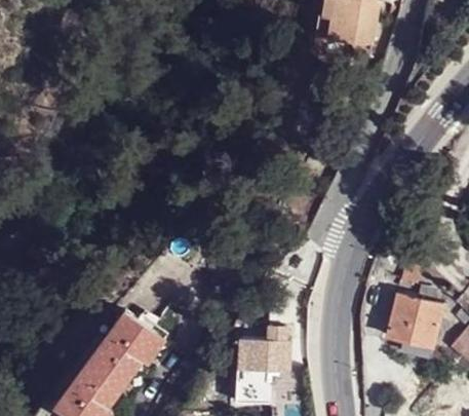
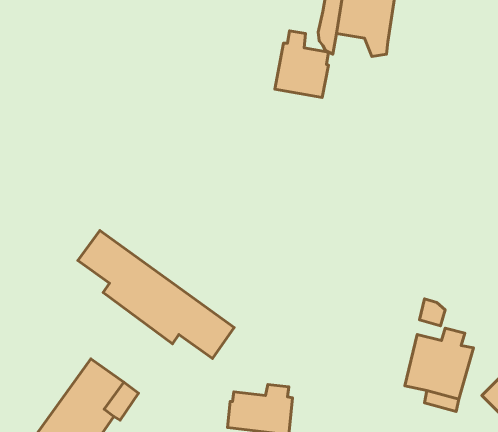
building: none -> [275,31,329,97]
building: none -> [78,231,234,358]

